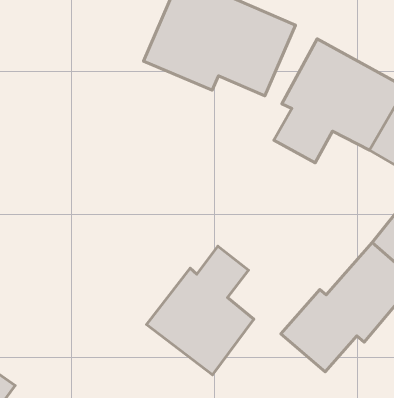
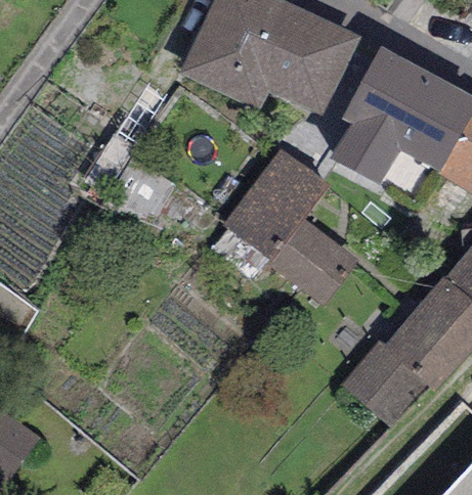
building: none -> [221,146,359,305]
building: [147,246,254,375] -> none

